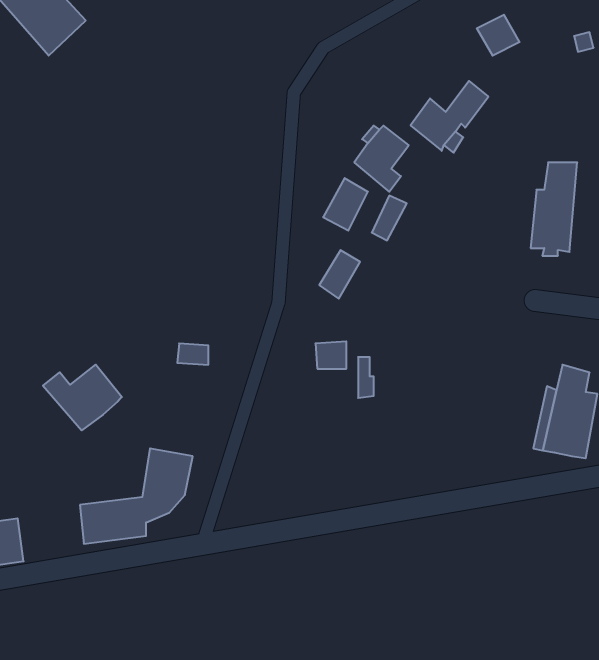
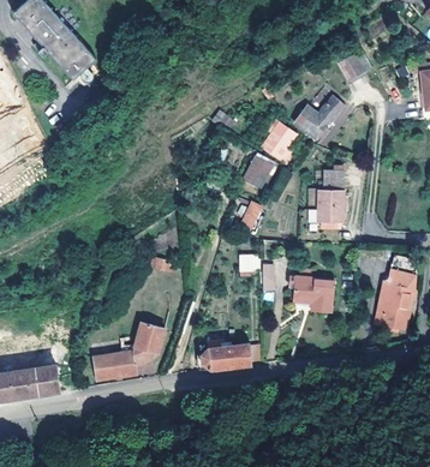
building: [531,162,577,256] -> [313,172,342,229]
building: [43,365,122,430] -> none
building: none -> [295,277,334,312]
building: none -> [199,345,250,370]

